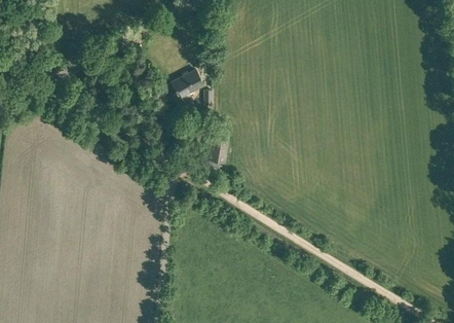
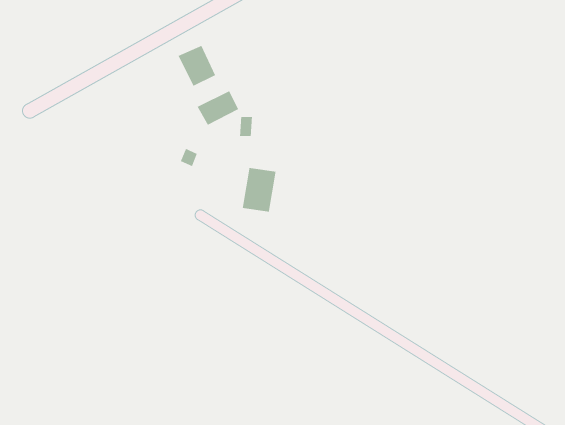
building: none -> [178,45,216,87]

